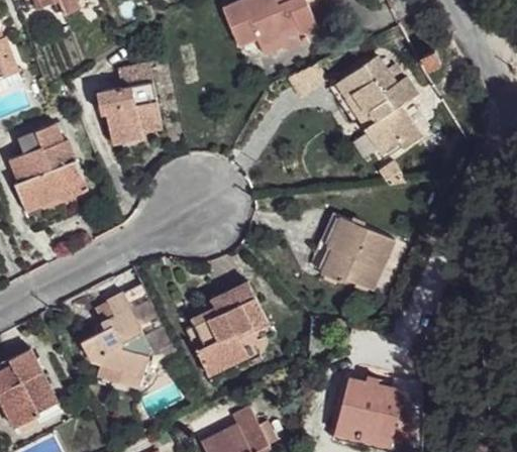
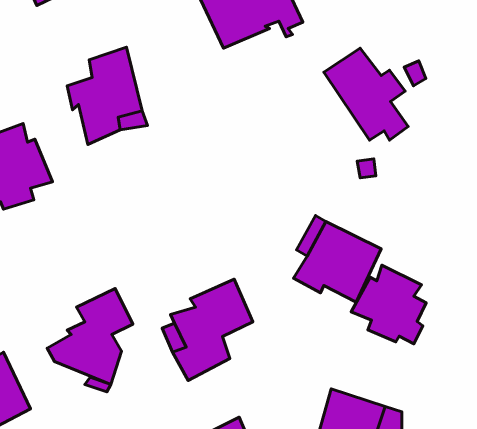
building: [328,78,404,160] -> none
building: none -> [351,265,426,344]

